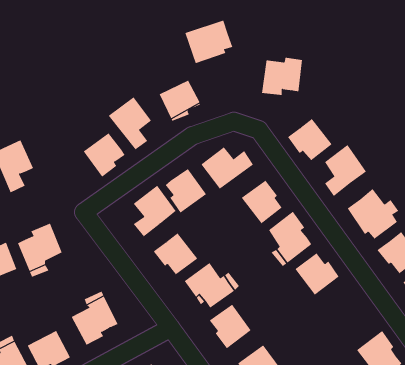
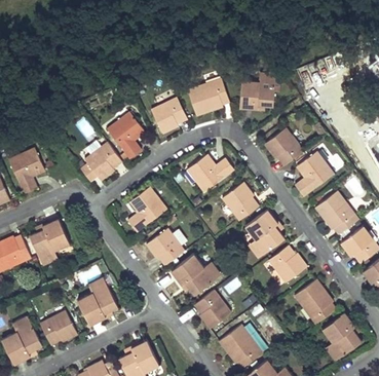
building: [184,20,233,64] -> [189,79,231,117]
building: [165,168,207,214] -> none
building: none -> [295,279,336,325]

